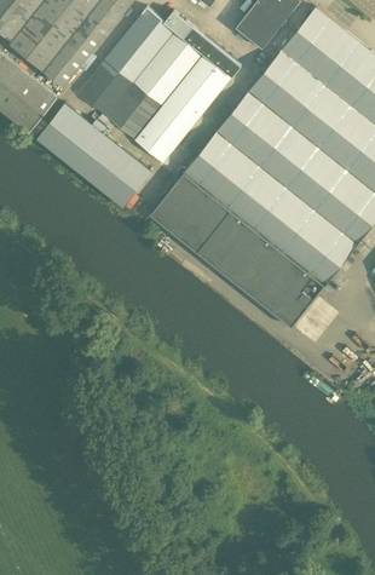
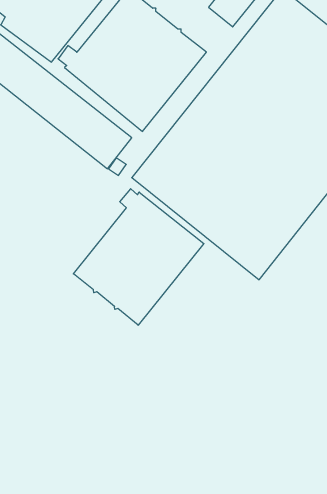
building: none -> [73,189,204,325]

